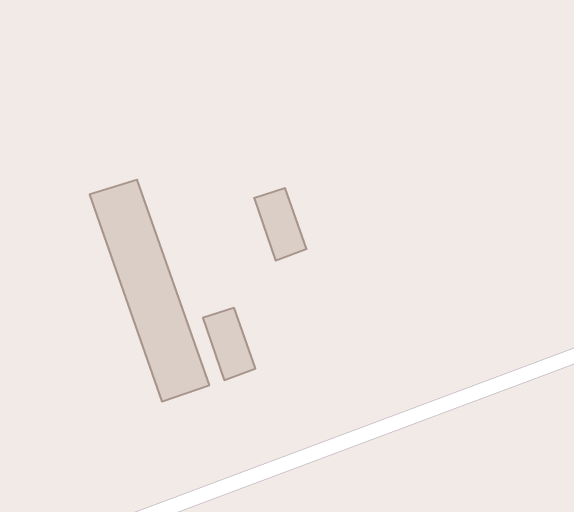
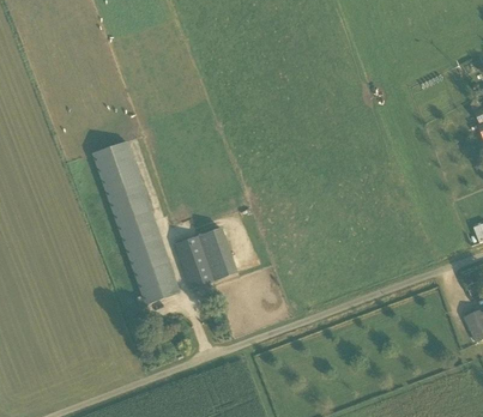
building: [254,188,307,260] -> [199,226,237,279]

